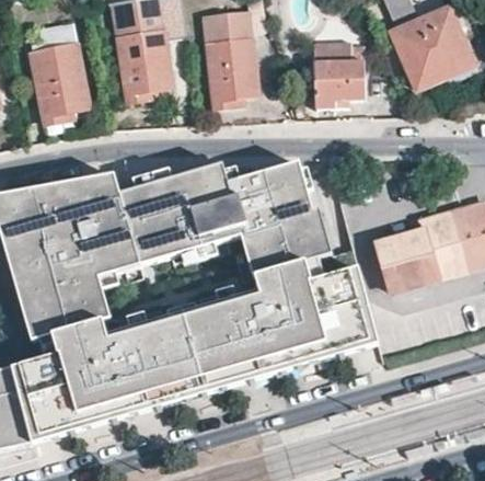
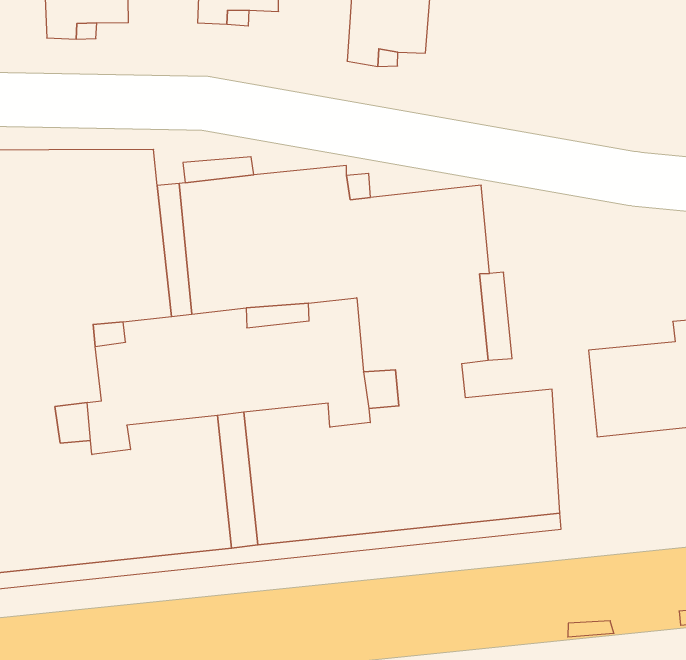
building: [313,59,362,104] -> none

